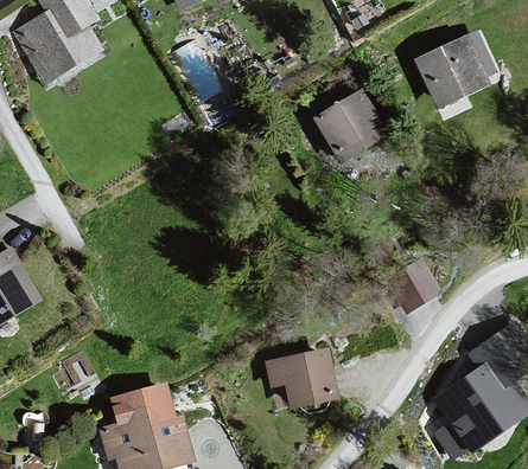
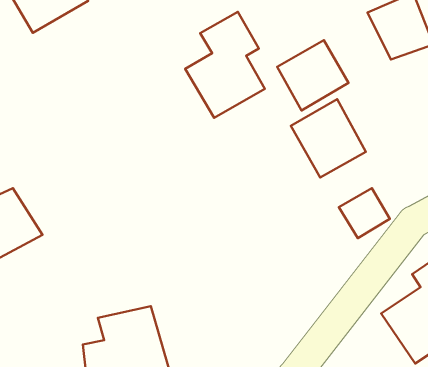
building: none -> [185,12,265,118]
building: none -> [291,99,366,178]
building: [262,345,337,410] -> none

